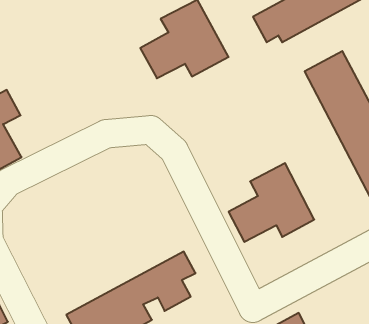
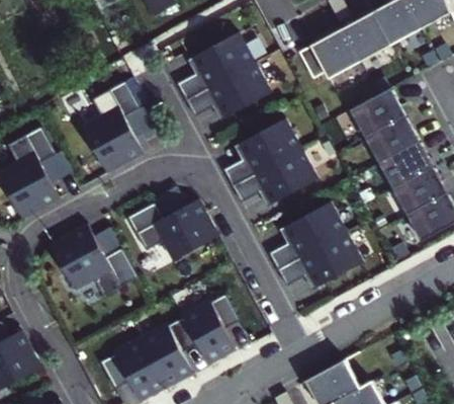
building: none -> [94,82,151,170]
building: none -> [224,120,315,201]
building: none -> [127,199,218,260]
building: none -> [49,225,132,294]

